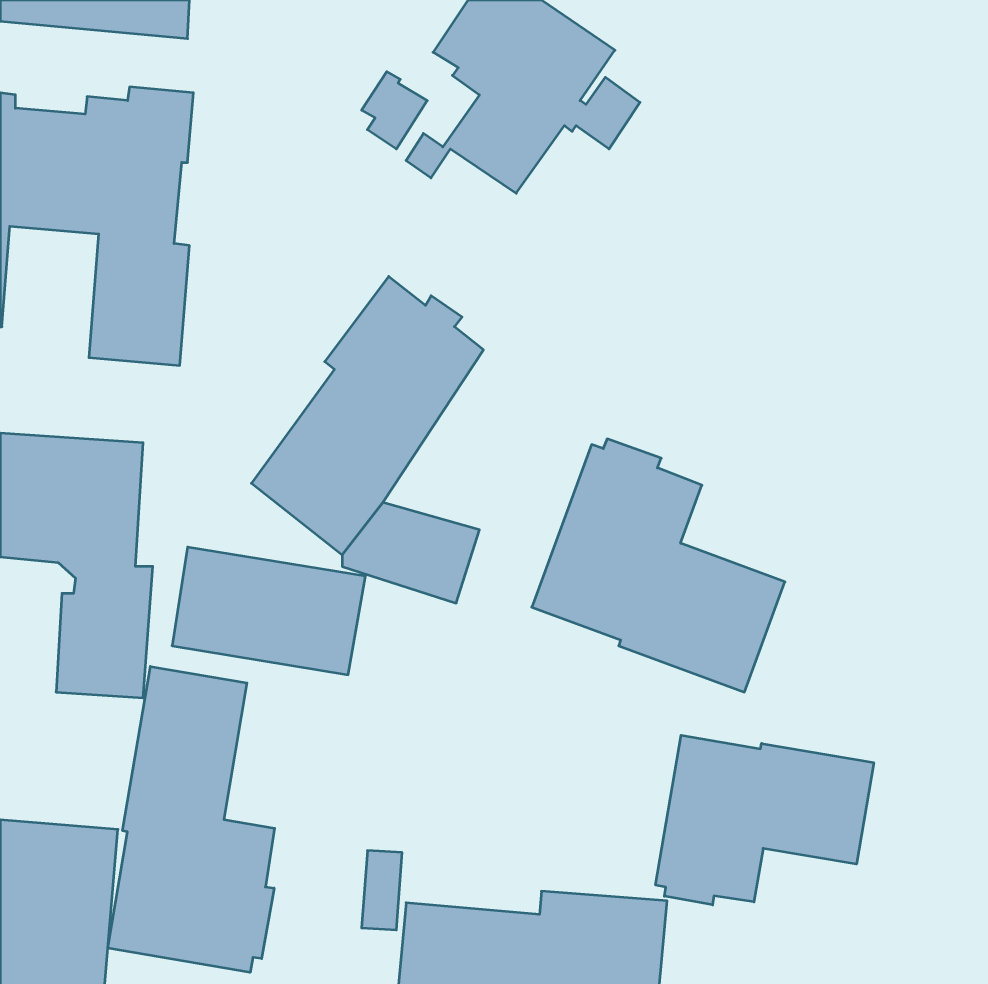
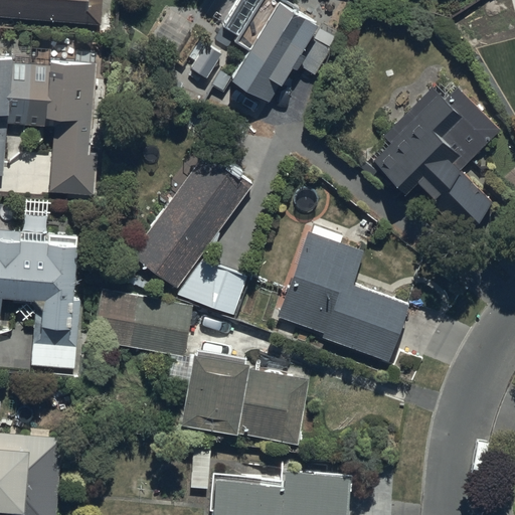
building: none -> [373,88,502,232]
building: [108,666,275,972] -> none
building: none -> [181,353,311,448]
building: [656,735,874,905] -> none

